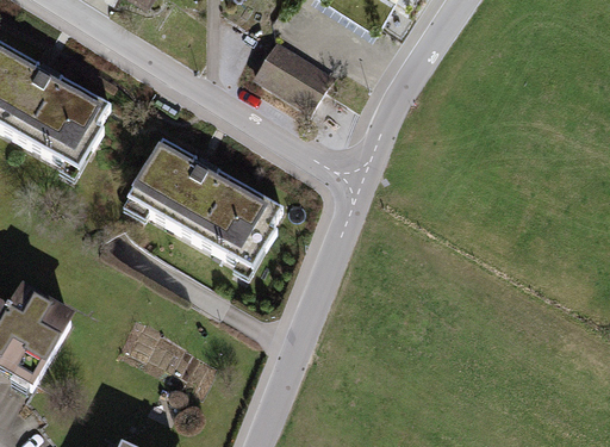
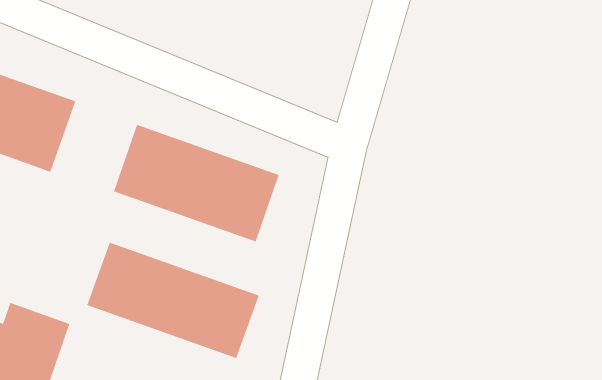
building: [248,51,323,118] -> none
building: none -> [86,242,259,359]

